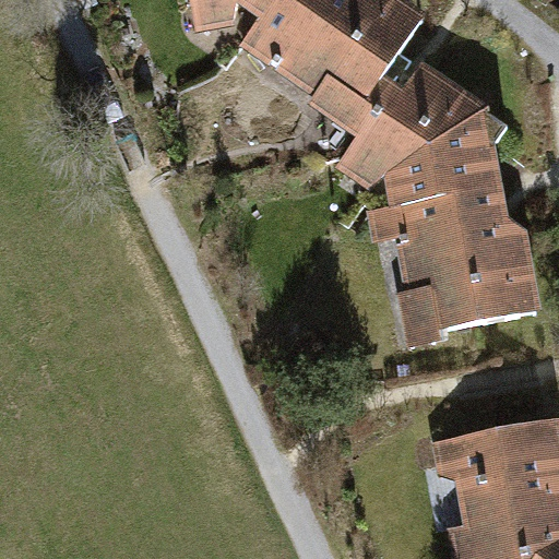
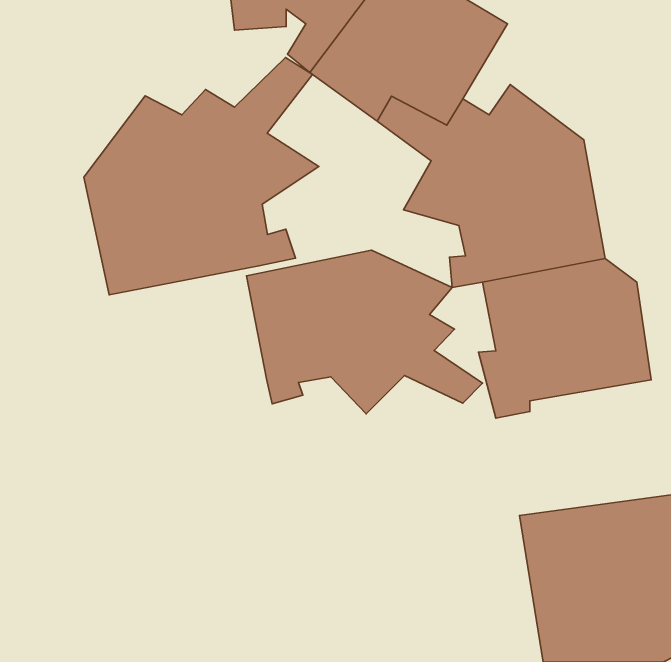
building: none -> [84,57,319,295]
building: none -> [247,250,482,414]

